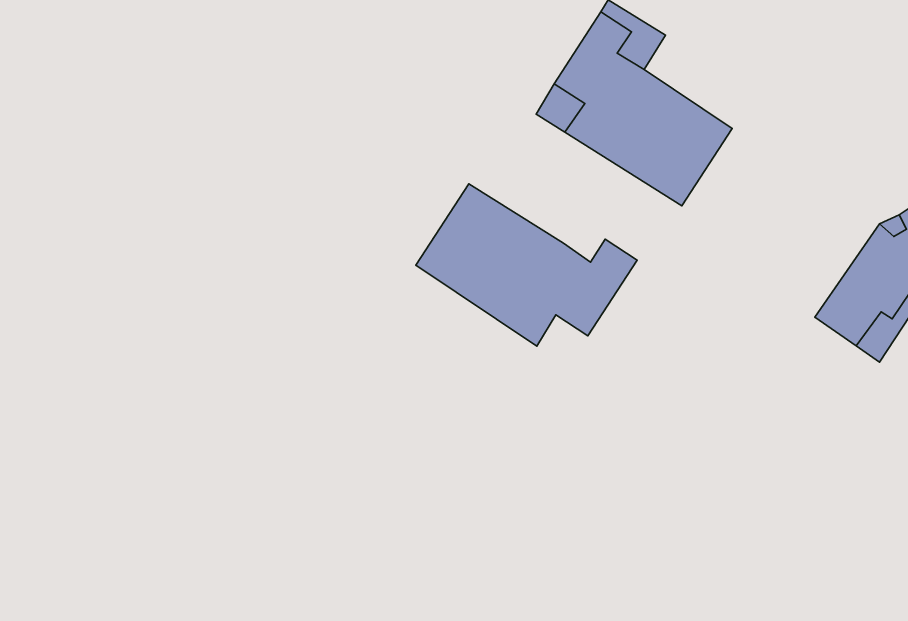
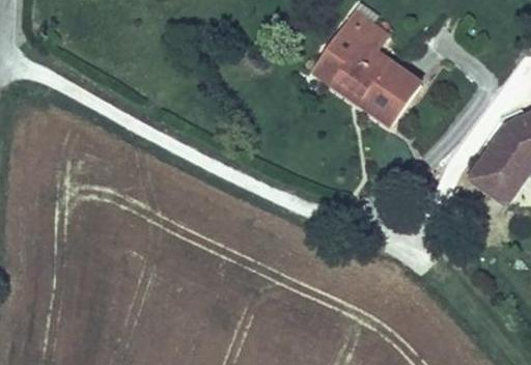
building: [416,184,637,346] -> none

